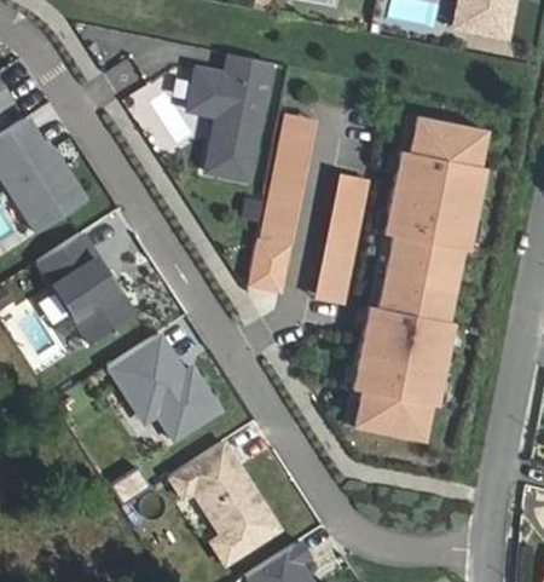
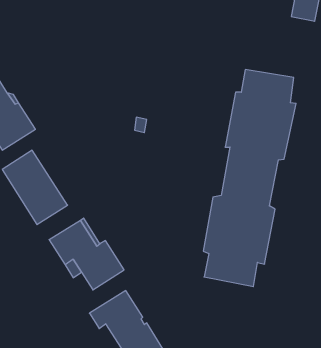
building: [195,59,277,184] -> none
building: [244,109,313,290] -> none
building: [308,172,368,304] -> none

